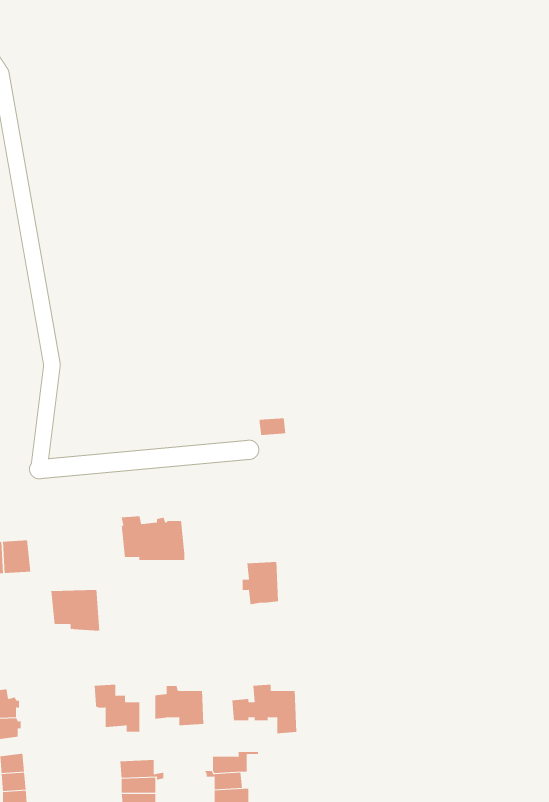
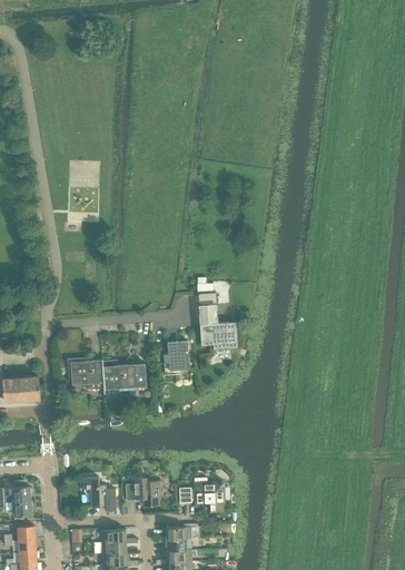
building: none -> [200,322,237,345]
building: [242,562,279,605] -> [164,341,189,371]
building: [51,589,100,631] -> [70,360,105,389]

